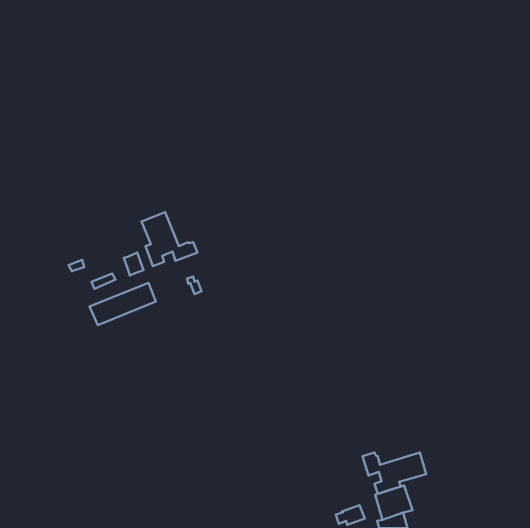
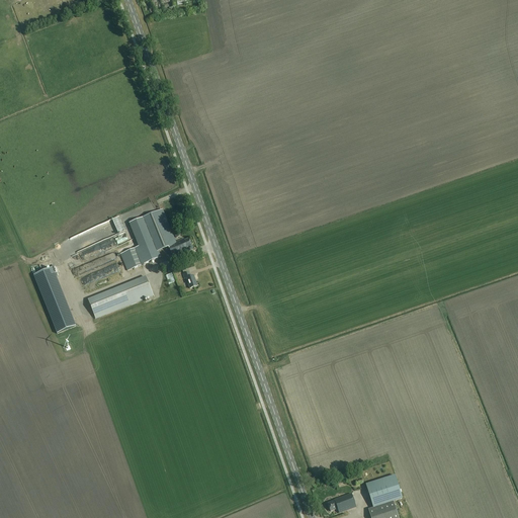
building: none -> [32,265,75,331]
building: [362,453,426,494] -> none

